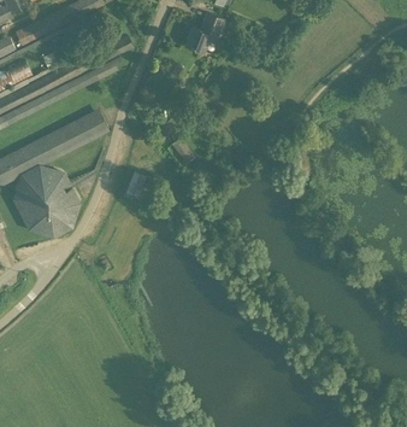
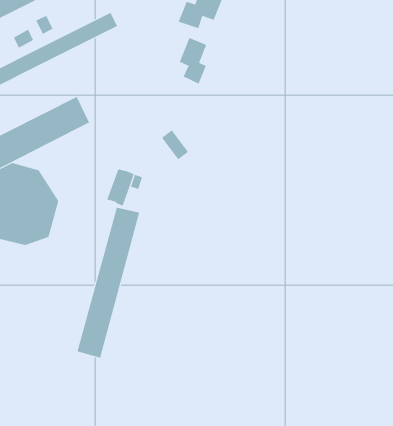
building: none -> [179,37,207,85]
building: none -> [77,207,140,359]

